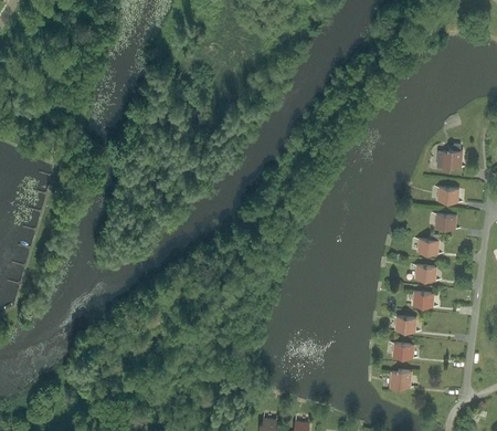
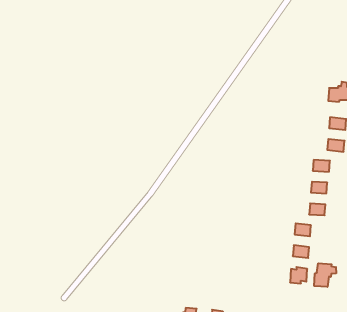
building: none -> [314,263,336,287]

